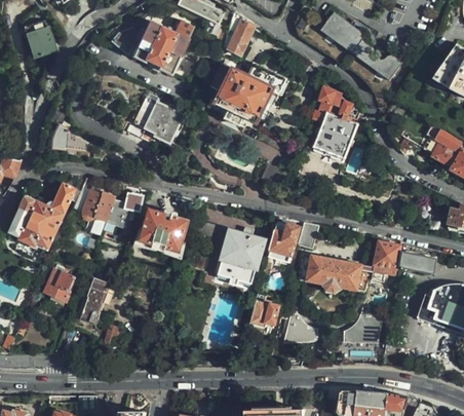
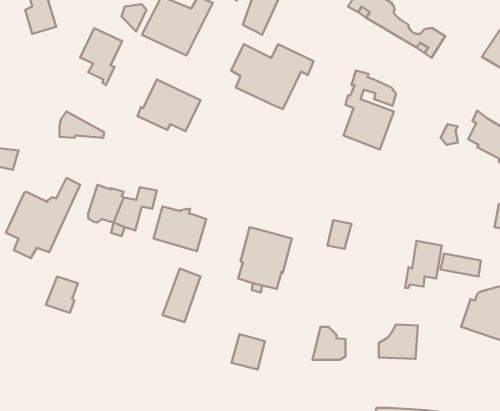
building: none -> [80,28,122,85]
building: [269,224,300,255] -> none
building: [299,253,371,292] -> none
building: [76,277,110,326] -> [163,268,200,322]
building: [249,297,279,329] -> [232,334,265,370]

